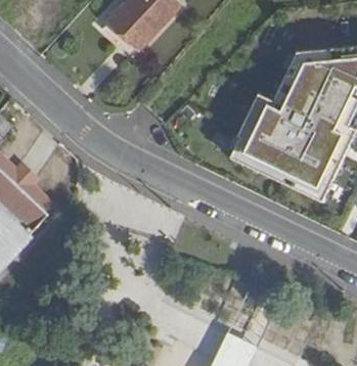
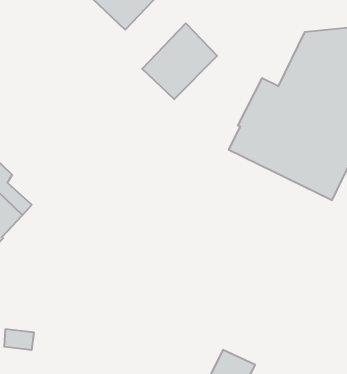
building: none -> [142,23,217,99]

